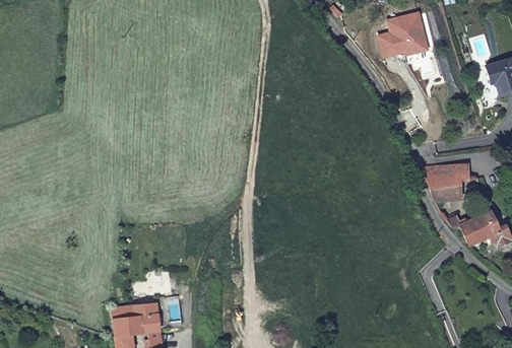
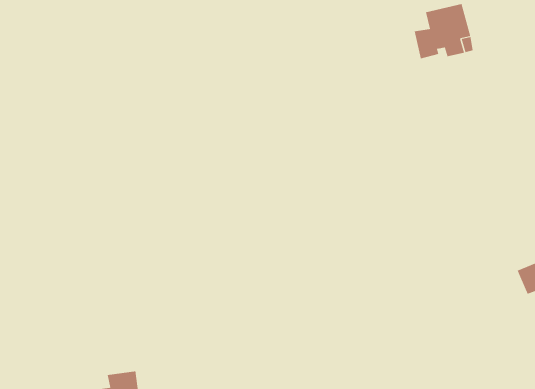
building: [424,164,466,200] -> none

